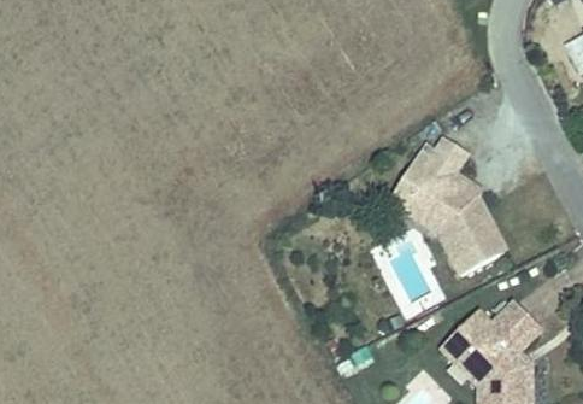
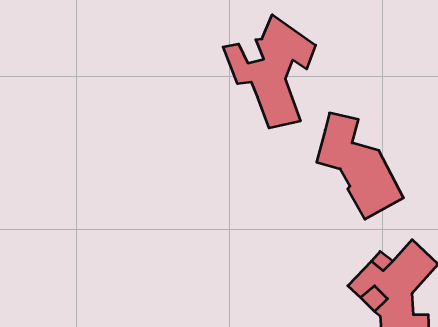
building: none -> [223,15,316,128]

